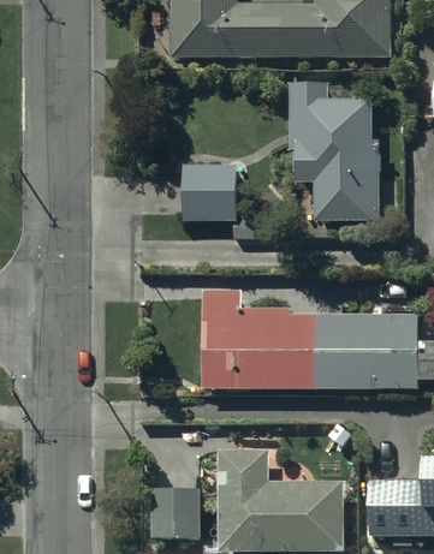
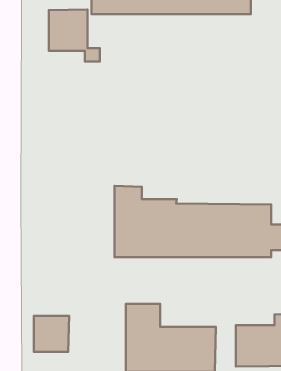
building: [291,84,388,220] -> none
building: [183,163,252,234] -> [49,9,100,61]
building: [151,487,200,536] -> [34,316,69,352]

